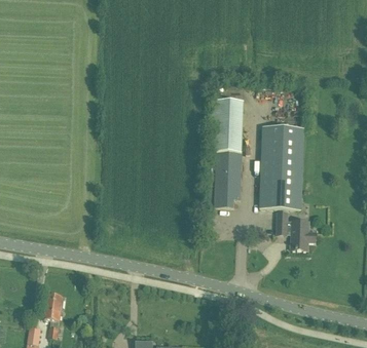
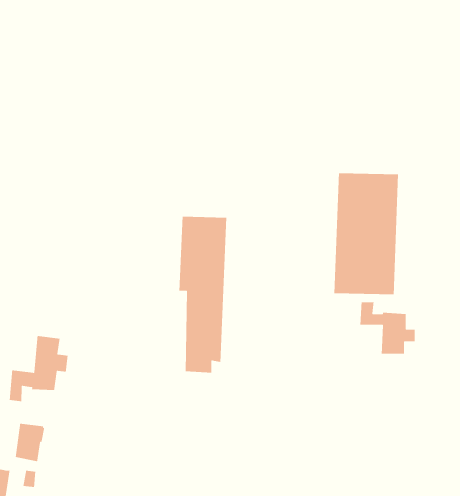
building: [211,99,244,205] -> [179,216,227,373]
building: none -> [9,335,69,402]

